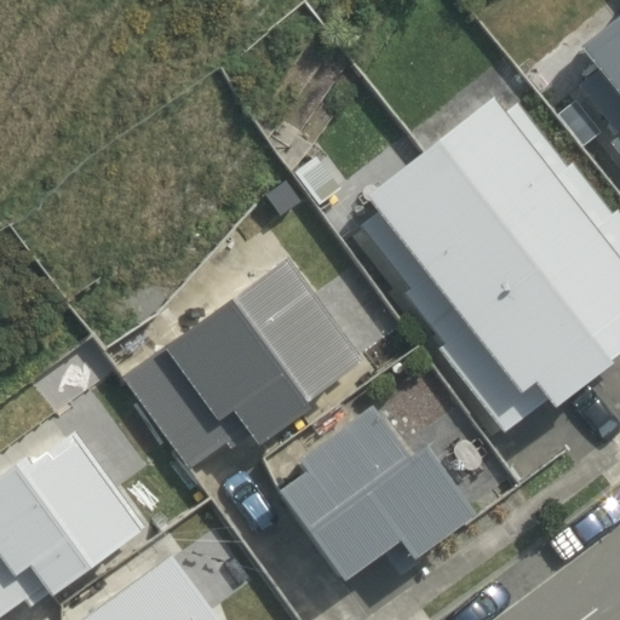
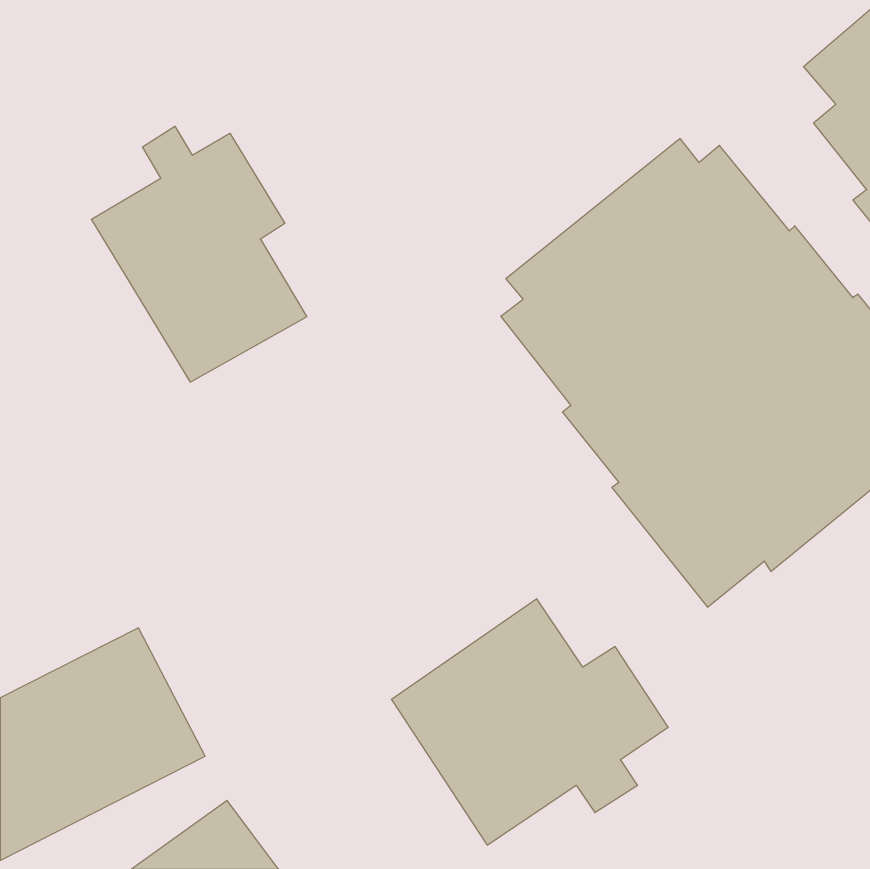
building: none -> [91,126,307,382]
building: [133,263,357,464] -> none

